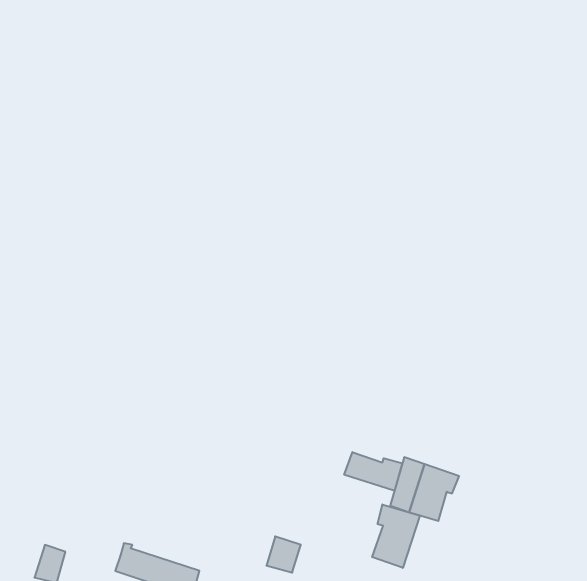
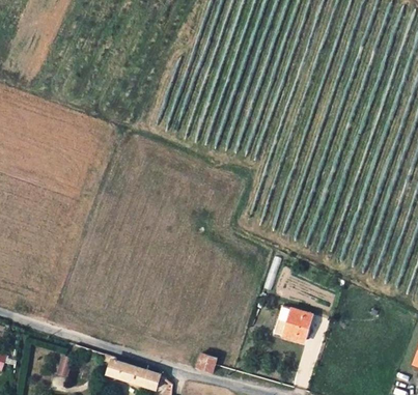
building: [344,452,402,491] -> none
building: [372,504,420,568] -> none

